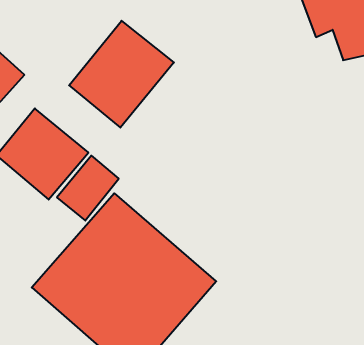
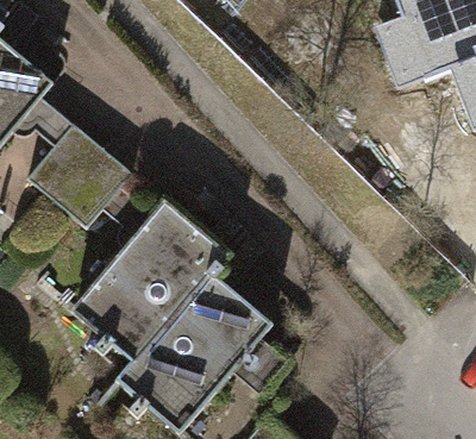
building: [69,21,174,128] -> none

